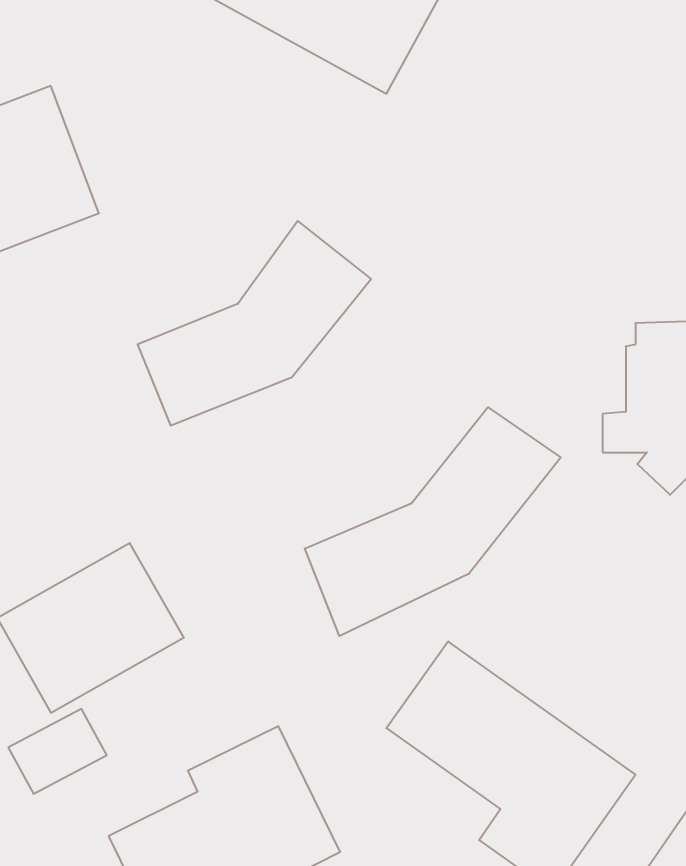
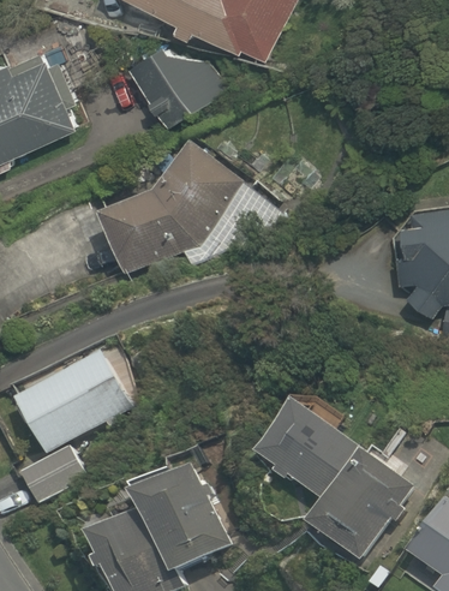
building: none -> [134,48,218,130]
building: [305,407,561,636] -> none

